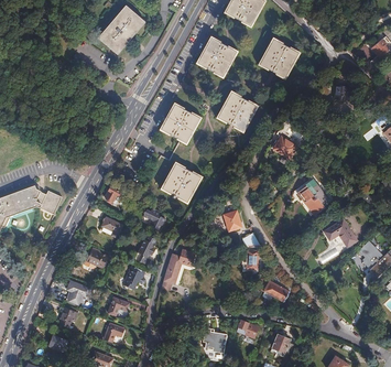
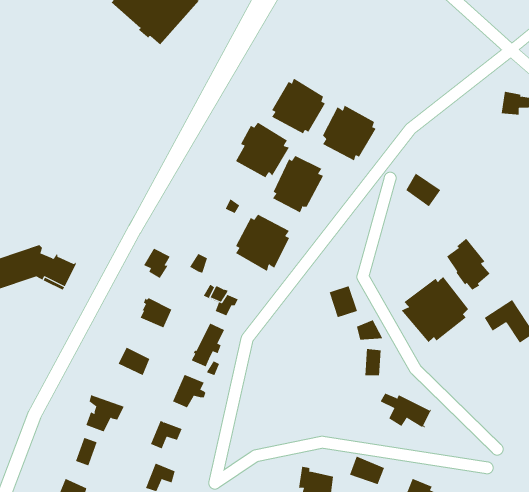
building: [199,37,235,74] -> [271,78,326,134]
building: [261,40,296,76] -> none
building: none -> [272,155,324,213]
building: none -> [401,276,469,343]
building: [162,249,195,290] -> none

